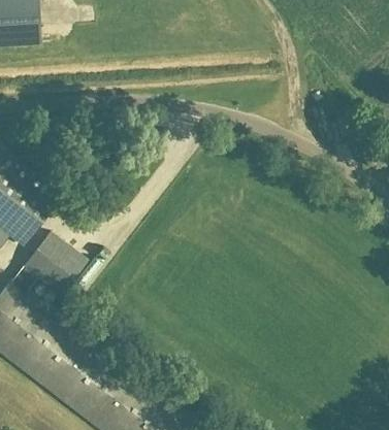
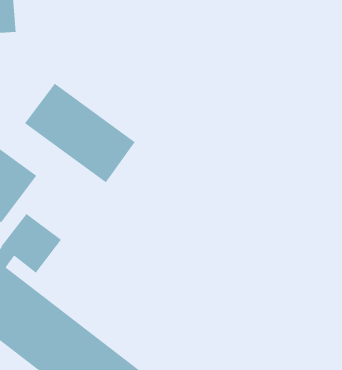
building: none -> [24,83,136,183]

